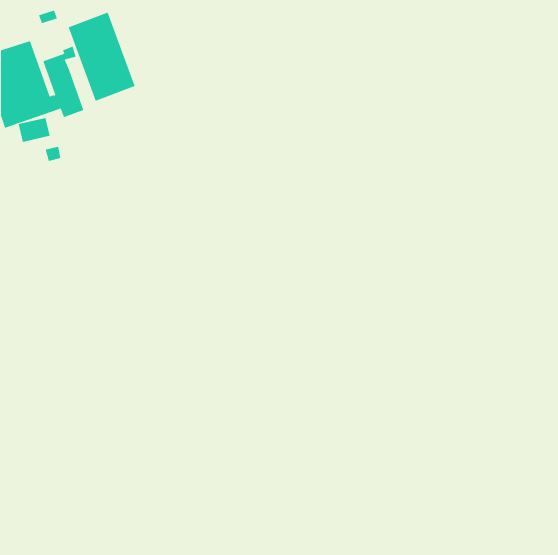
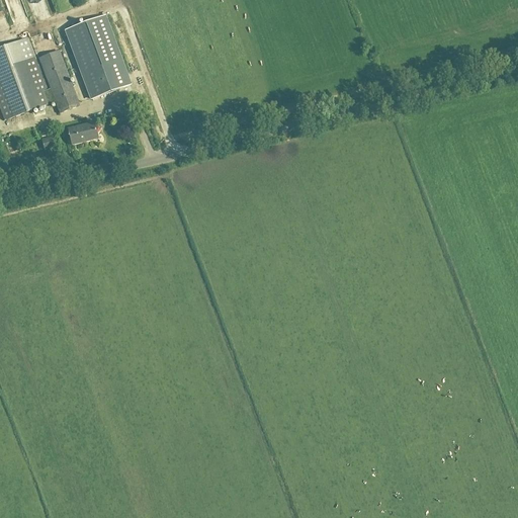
building: [18,117,51,142] -> [68,121,98,145]

